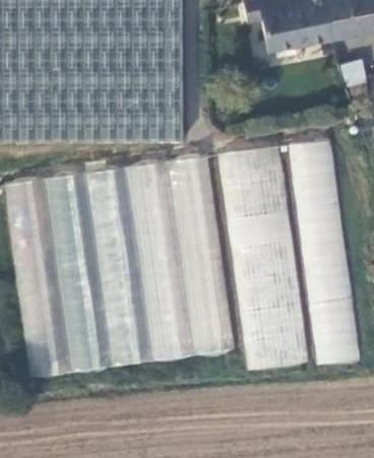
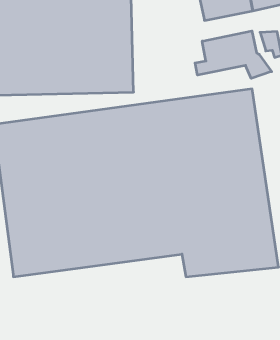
building: none -> [195,31,272,78]

